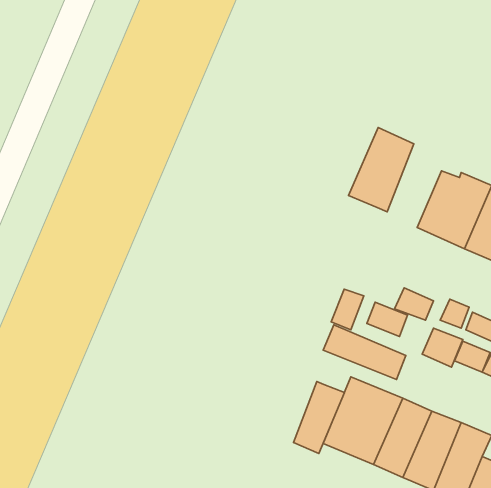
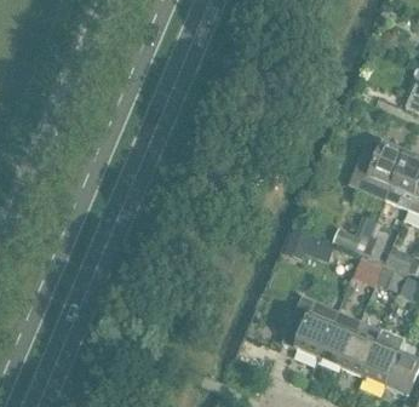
building: [349,128,414,212] -> none
building: [323,325,406,380] -> none
building: [293,381,344,454] -> none

